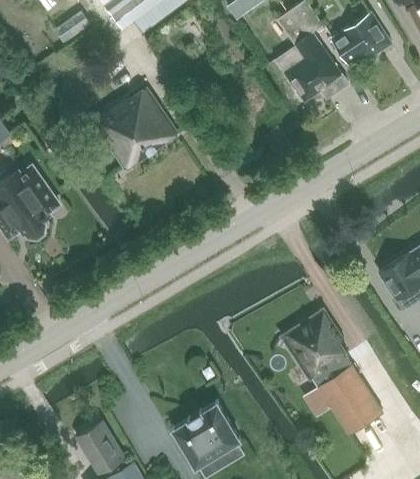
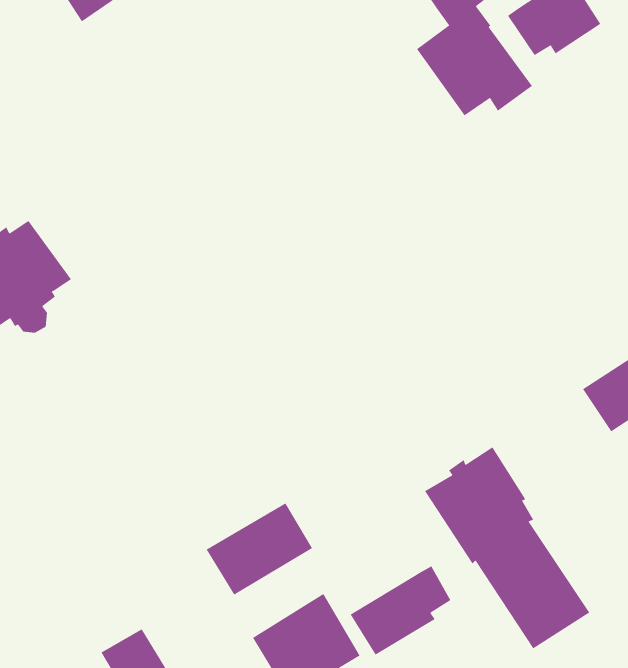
building: [91,87,178,170] -> none
building: none -> [206,503,313,596]
building: none -> [350,566,451,656]

